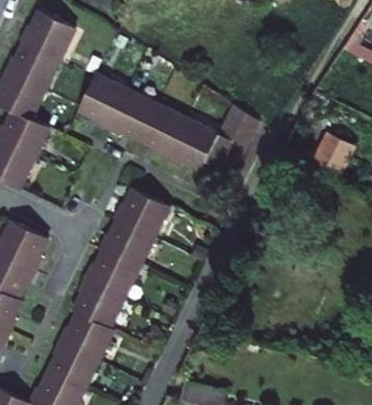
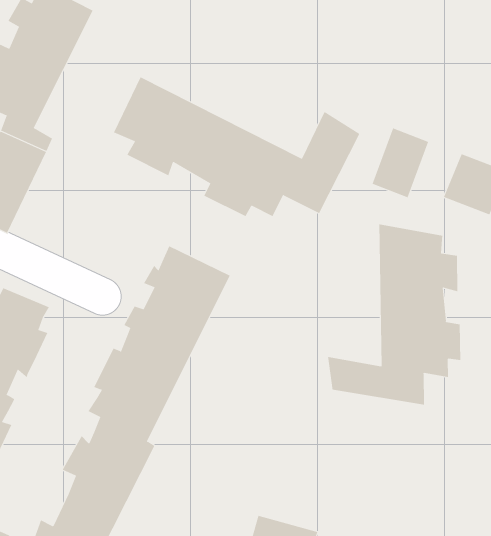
building: none -> [372,127,429,198]
building: none -> [327,224,461,405]

